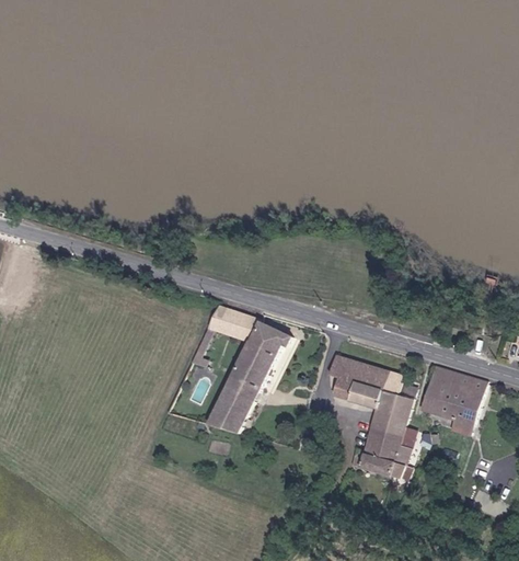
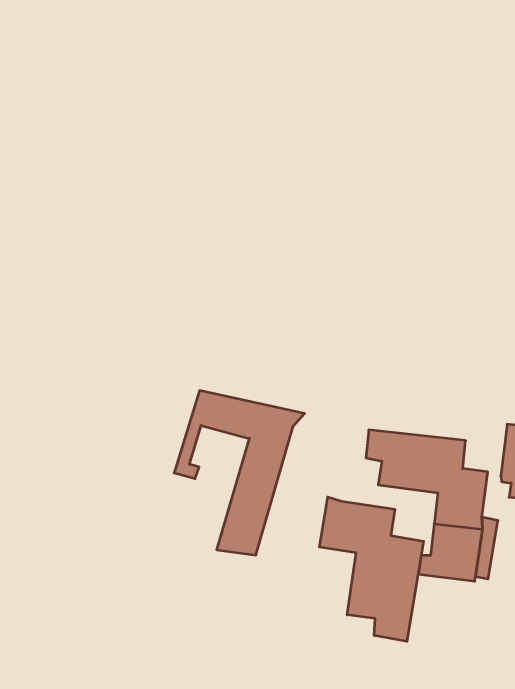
building: none -> [319,497,424,641]

